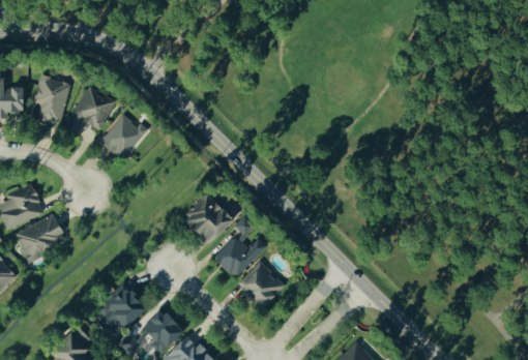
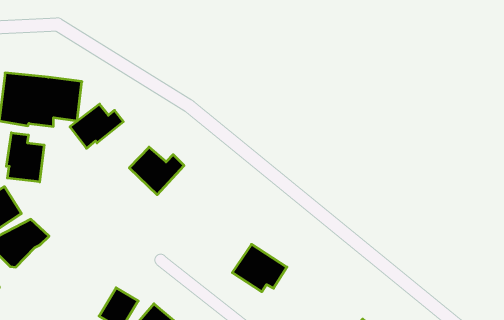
building: none -> [6,133,44,182]
building: [180,200,232,245] -> [129,147,184,195]
building: [213,227,265,277] -> none

